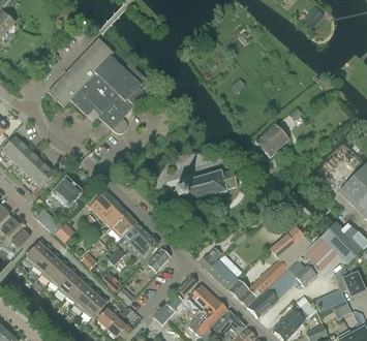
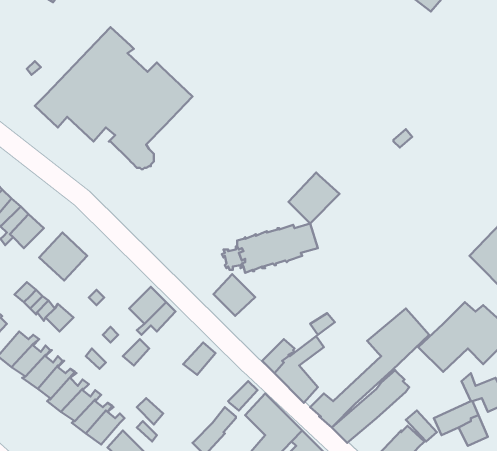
building: [254,123,288,157] -> [288,172,339,223]
building: [90,191,125,226] -> none
building: [129,228,157,256] -> [214,274,255,316]
building: [288,259,317,285] -> none

